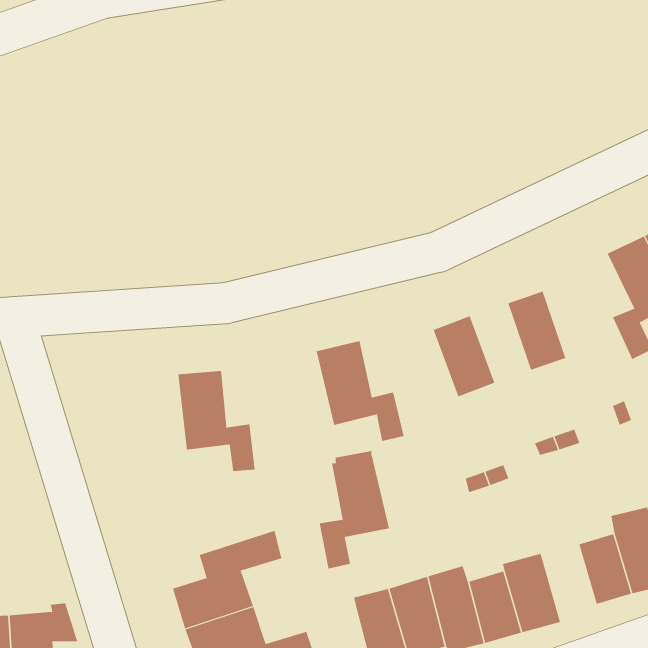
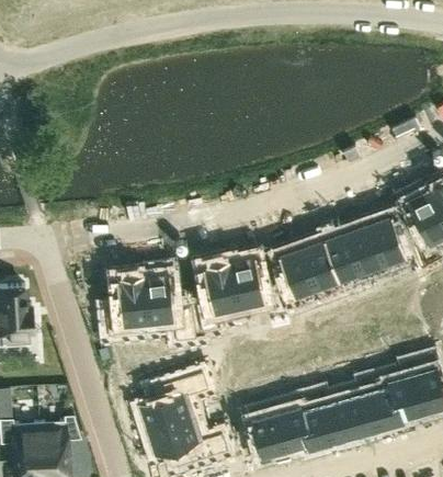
building: none -> [368,215,407,265]
building: none -> [323,231,361,281]
building: none -> [277,248,316,297]
building: none -> [104,275,148,338]
building: [319,450,390,569] -> [195,259,239,332]
building: none -> [365,375,402,429]

